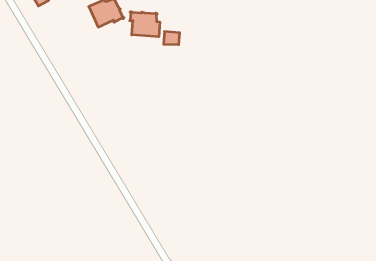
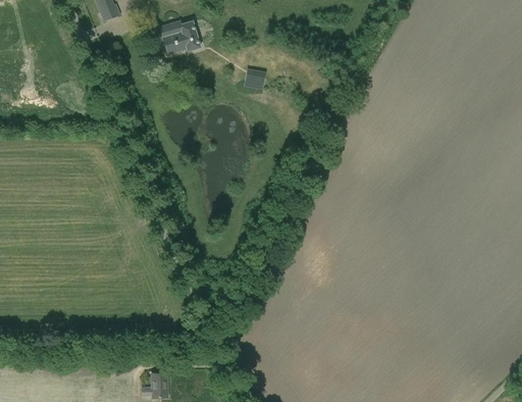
building: [130,12,160,37] -> none

